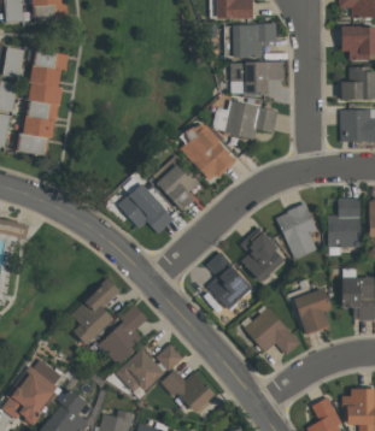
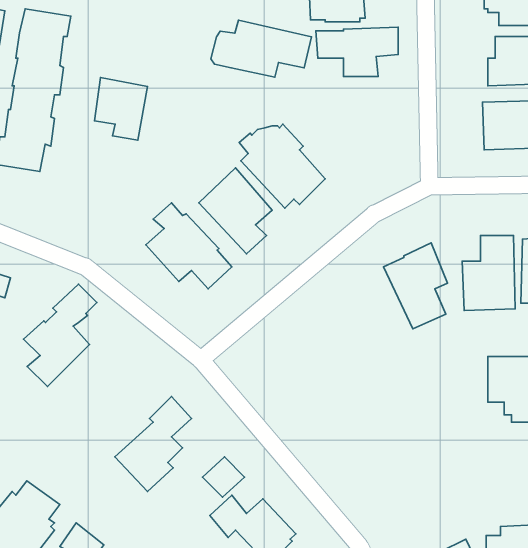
building: none -> [94,78,148,140]
building: [211,101,277,138] -> [211,20,312,77]
building: [239,228,285,283] -> none
building: [205,253,252,309] -> none
building: [71,278,119,346] -> [24,284,97,387]
building: [294,288,333,336] -> none
building: [242,308,299,356] -> none
building: [115,349,163,392] -> none

